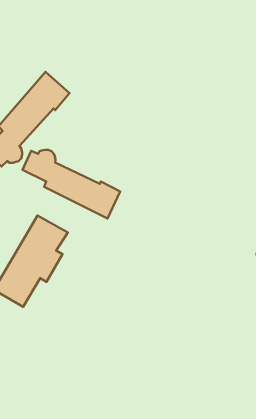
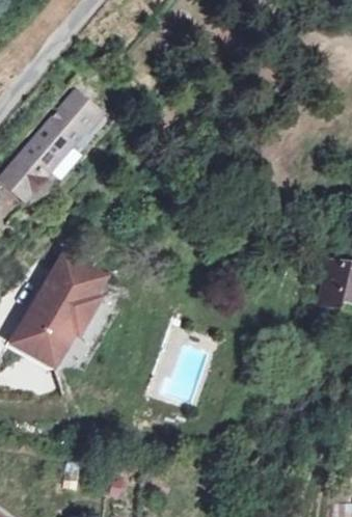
building: [22,150,120,218] -> none

